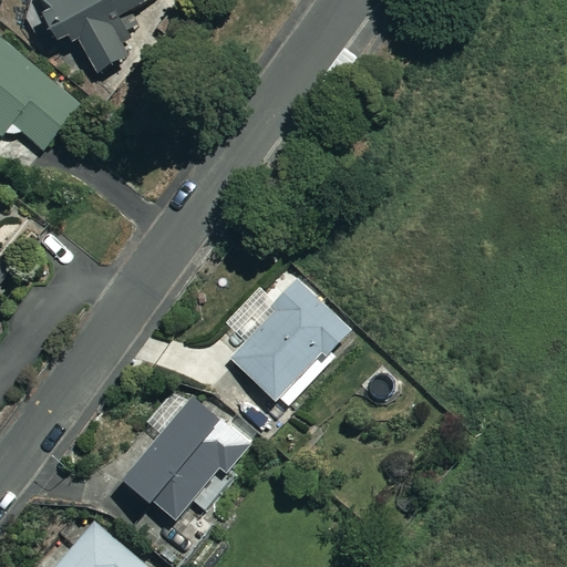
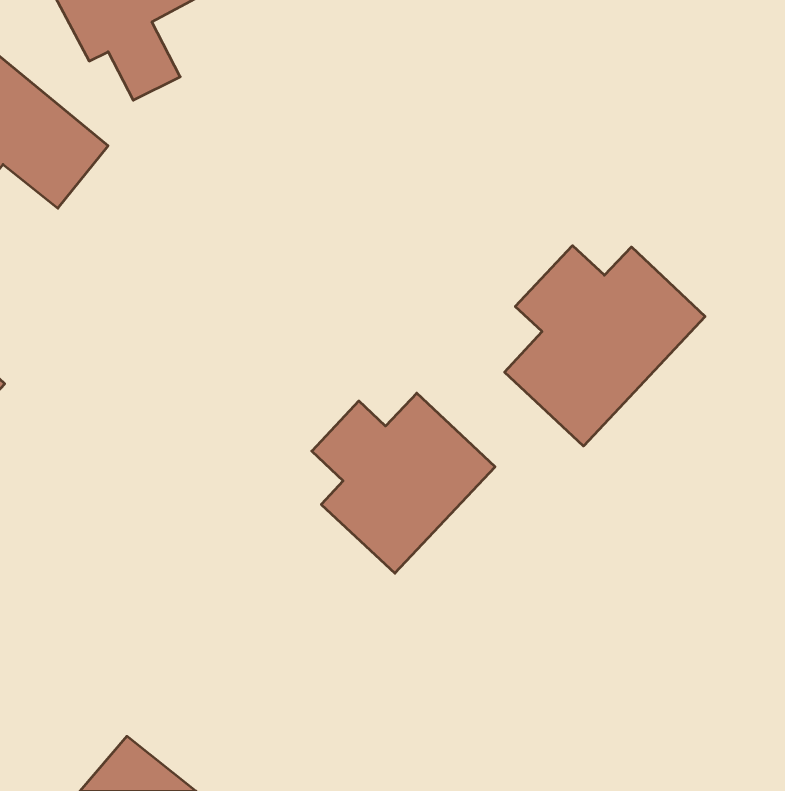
building: none -> [505,246,705,446]
building: [125,396,255,532] -> none

